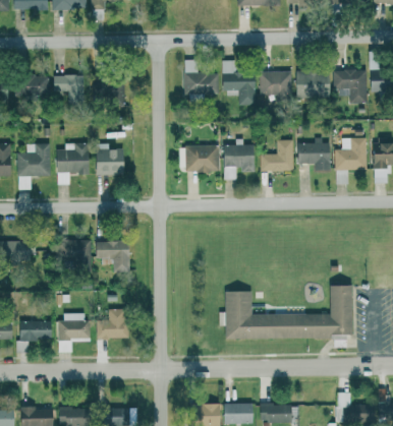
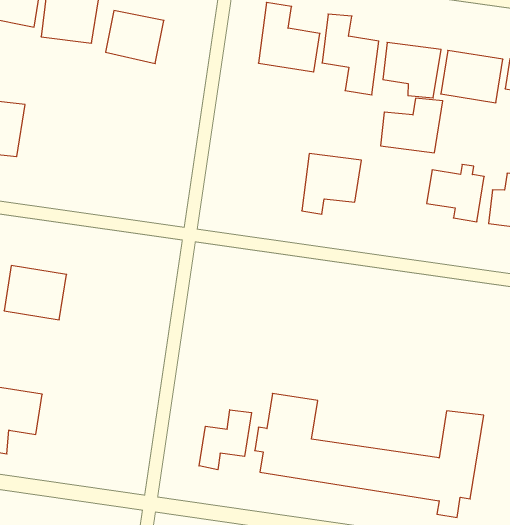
building: [260,139,293,172] -> [381,98,443,153]
building: [55,142,88,184] -> none
building: [94,143,123,176] -> none
building: [179,145,219,172] -> none
building: [95,241,129,271] -> none
building: none -> [199,410,252,470]
building: [96,308,125,338] -> none

